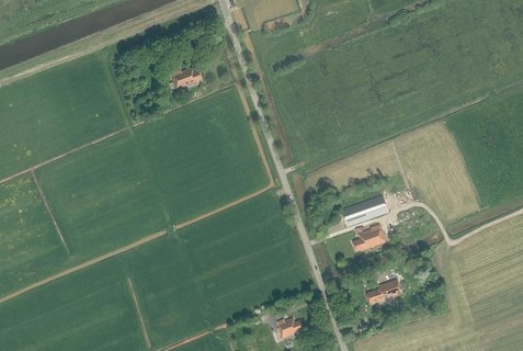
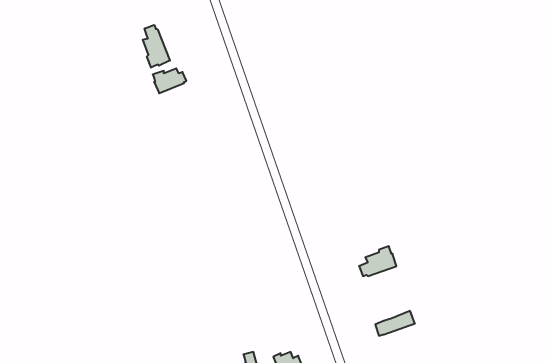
building: none -> [143,25,170,68]
building: [341,195,388,226] -> none

